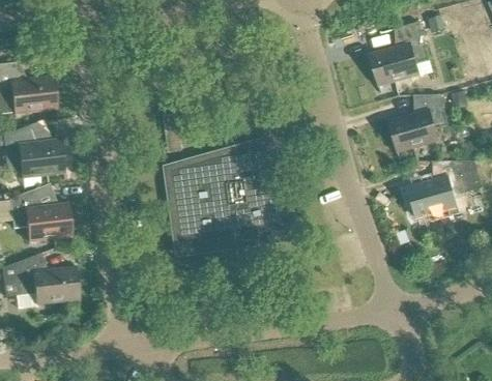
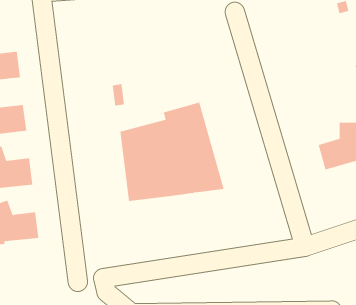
building: [370,22,430,85] -> none
building: [388,94,448,151] -> none

